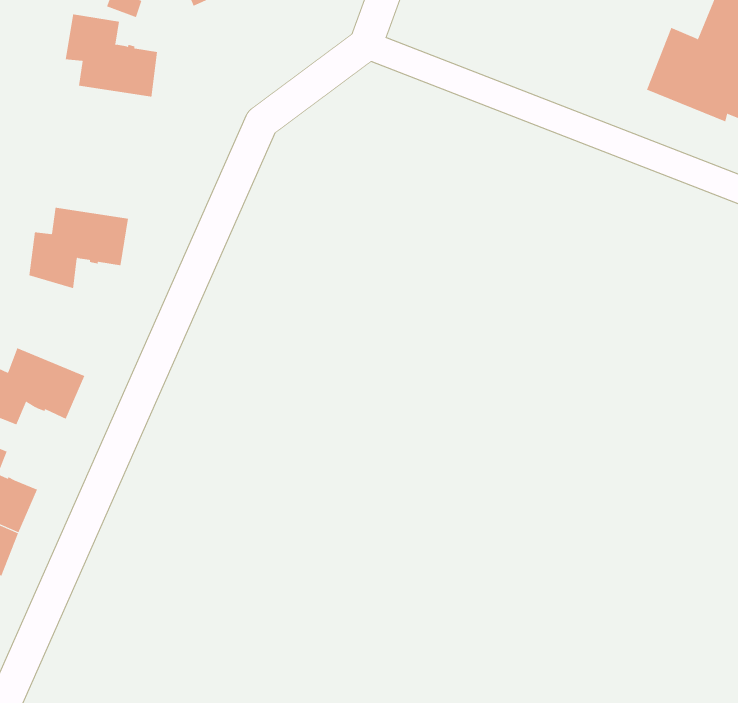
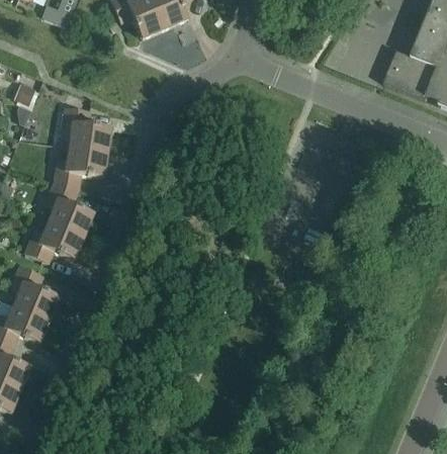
building: [65,14,158,97] -> [61,107,110,152]
building: none -> [44,182,93,236]

